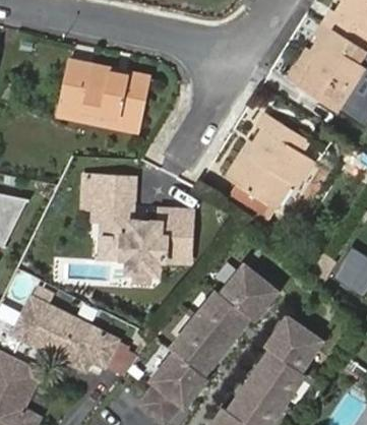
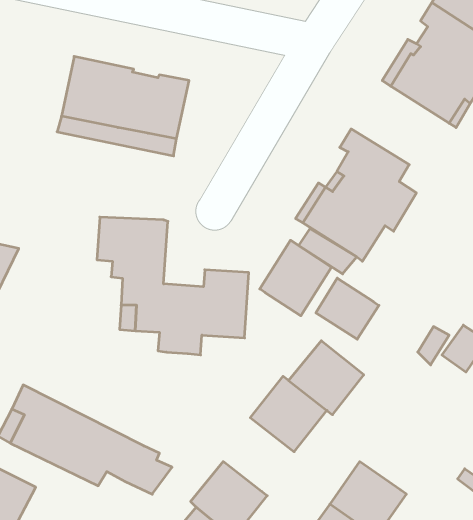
building: none -> [260,240,332,316]
building: none -> [316,278,379,339]
building: [268,319,320,370] -> none
building: [171,320,226,373] -> none

